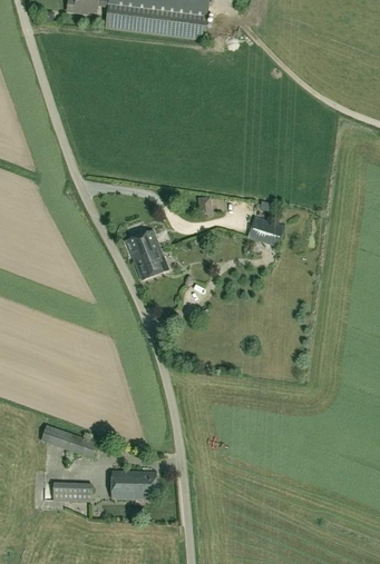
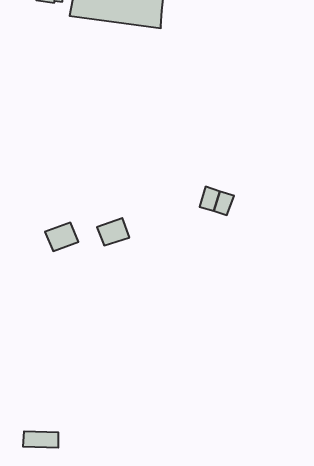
building: [125,228,162,259] -> [45,223,78,251]
building: [40,425,98,458] -> none
building: [110,469,155,498] -> none

